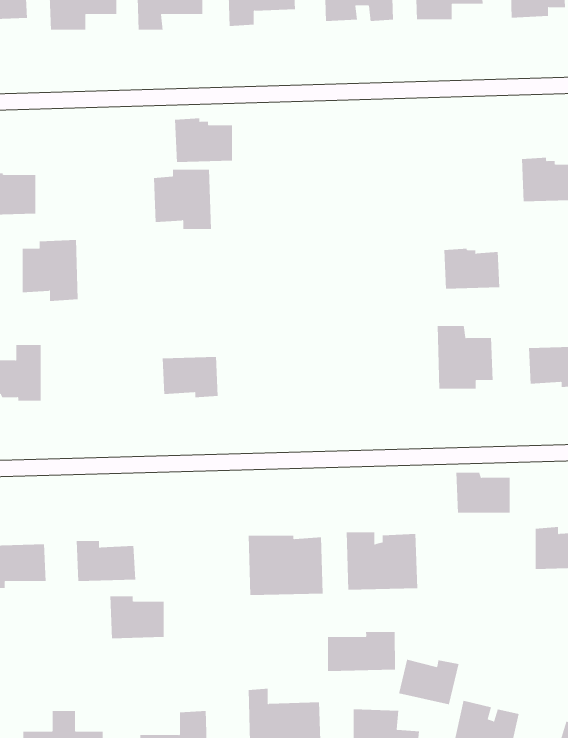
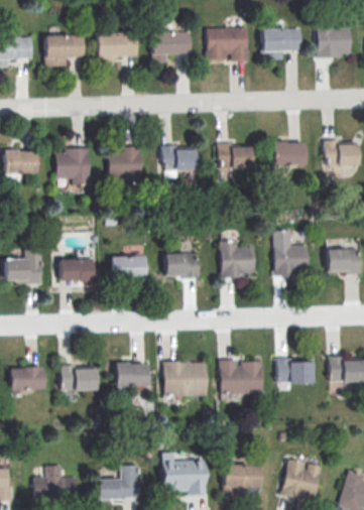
building: [174,118,233,163] -> [160,145,195,171]
building: none -> [217,143,251,169]
building: [22,240,78,301] -> [55,148,89,184]
building: [443,248,500,289] -> [271,141,305,165]
building: none -> [220,241,253,278]
building: none -> [165,255,199,279]
building: none -> [59,258,93,282]
building: [456,472,511,513] -> [278,360,311,384]
building: [110,596,165,639] -> [115,362,147,387]
building: [327,631,396,672] -> none
building: [398,659,459,705] -> none

